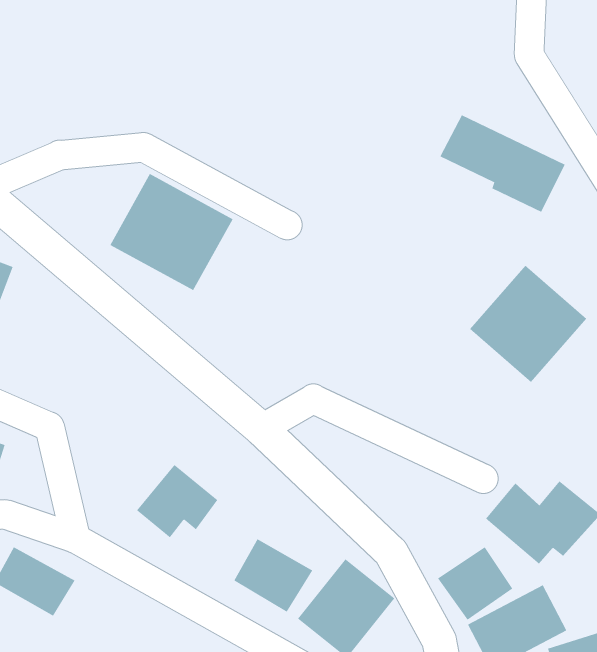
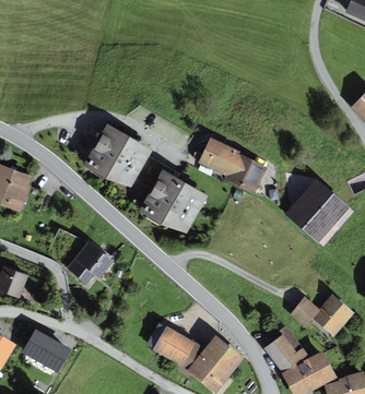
building: [440,115,566,213] -> [199,138,268,191]
building: none -> [140,170,208,236]
building: [136,464,218,538] -> [67,240,111,280]

